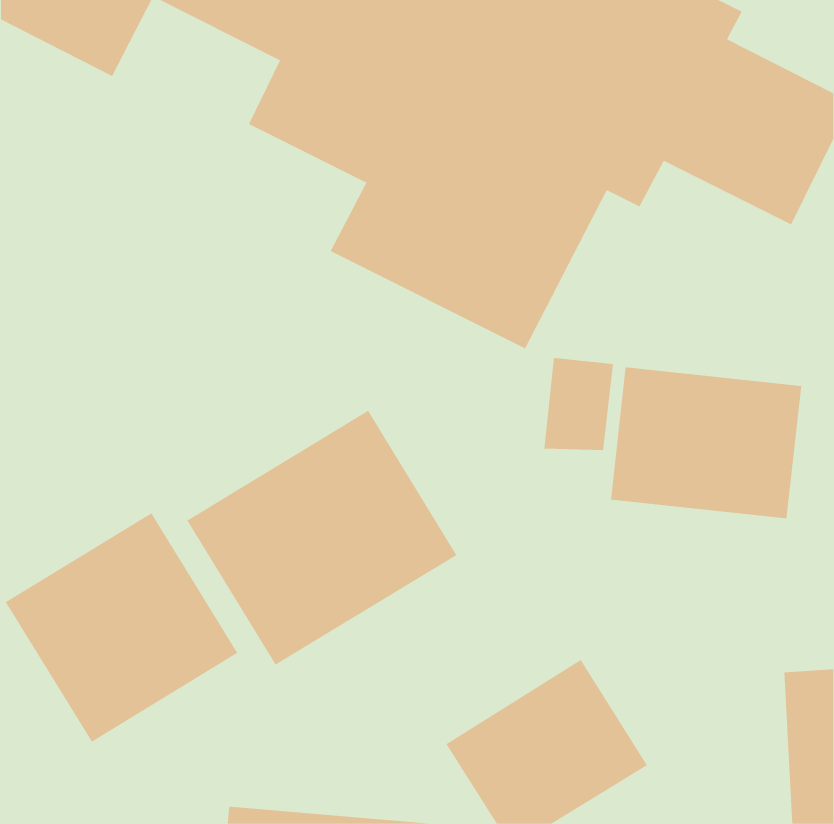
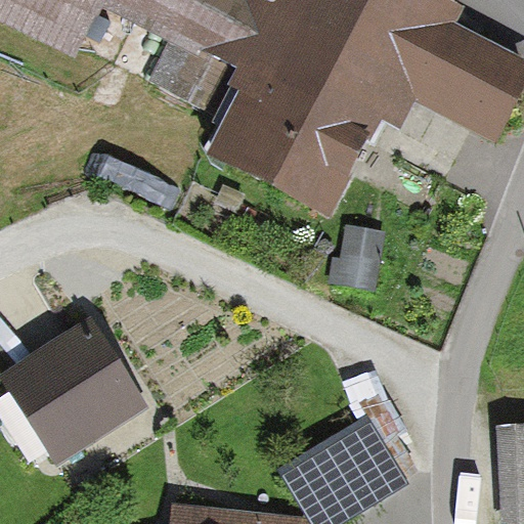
building: [610,367,802,519] -> none
building: [187,410,457,666] -> none

